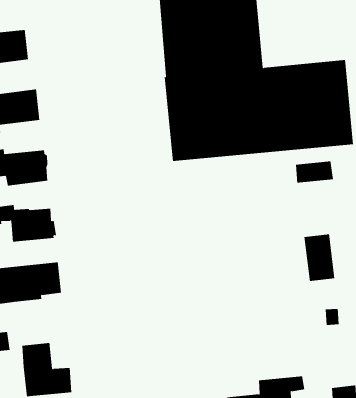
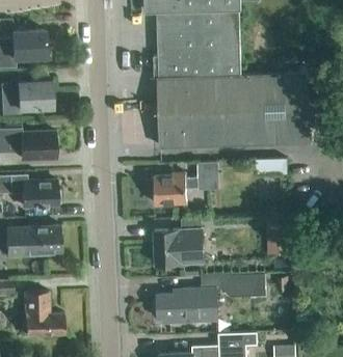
building: none -> [154,162,217,203]
building: none -> [154,228,204,264]
building: none -> [157,274,265,322]

